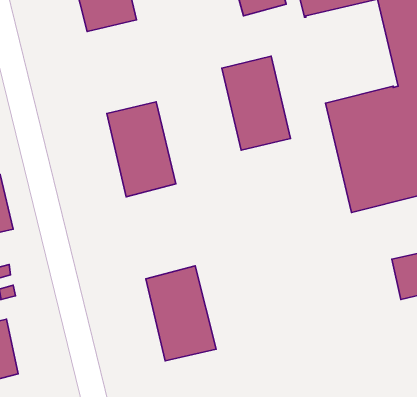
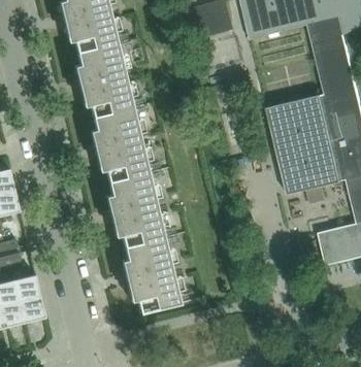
building: [222,56,291,150] -> [75,42,130,116]
building: none -> [106,172,161,247]
building: none -> [11,274,42,323]

